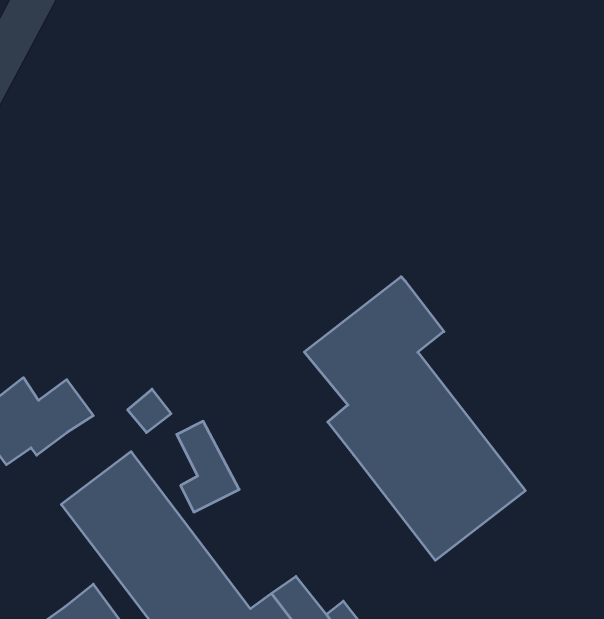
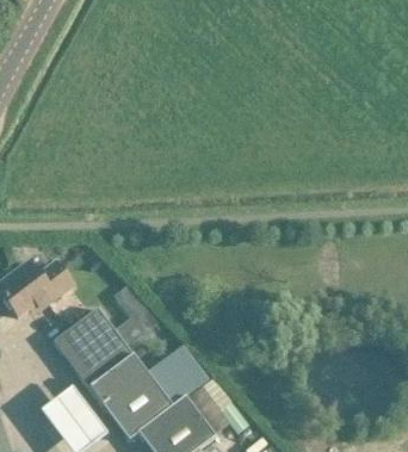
building: [304,277,525,560] -> none
building: none -> [146,345,206,404]

